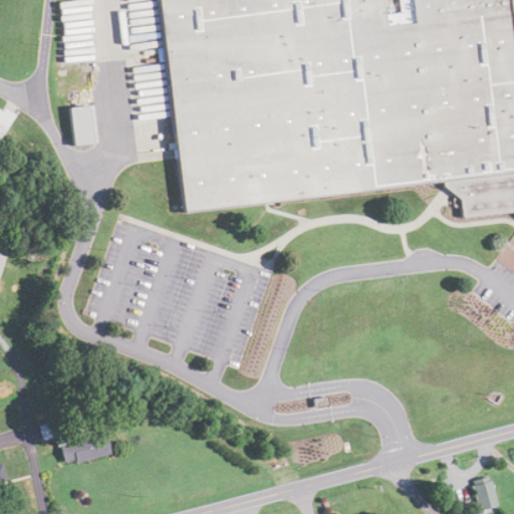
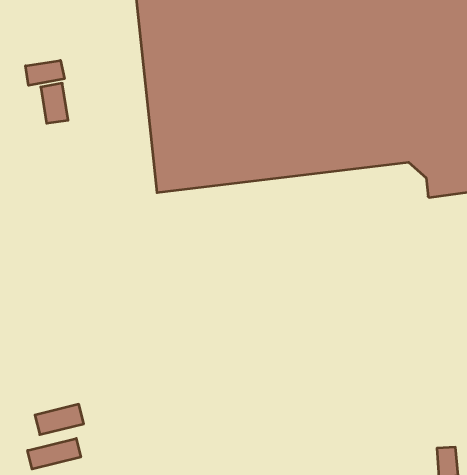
building: none -> [26,60,64,85]
building: none -> [28,438,81,469]

